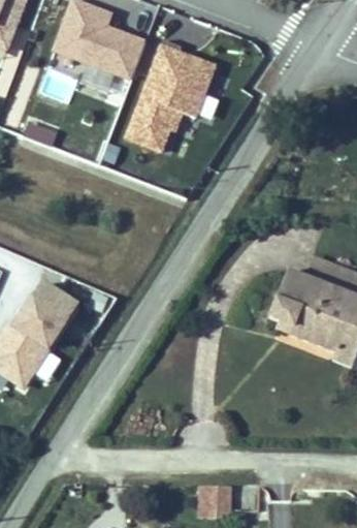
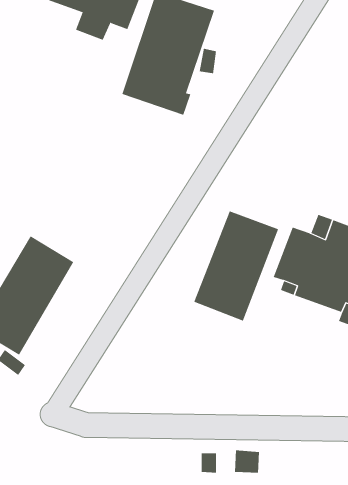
building: none -> [193,210,279,321]

